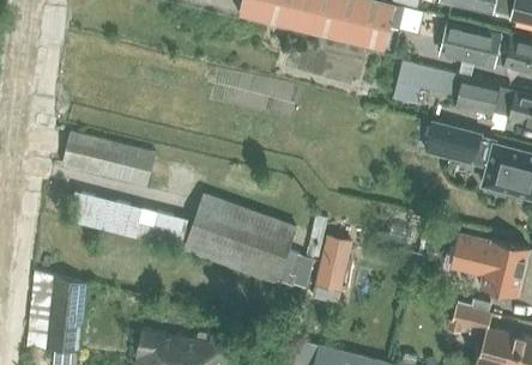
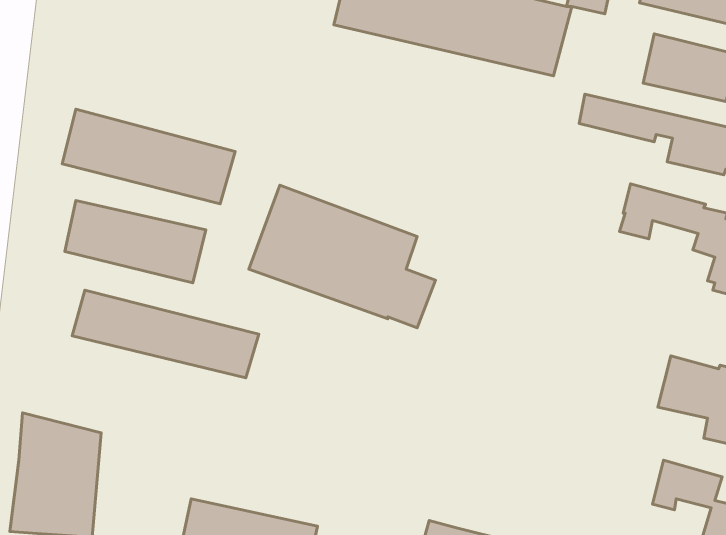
building: none -> [62,109,235,204]
building: [185,196,307,290] -> [249,185,436,328]
building: [314,235,352,293] -> none

